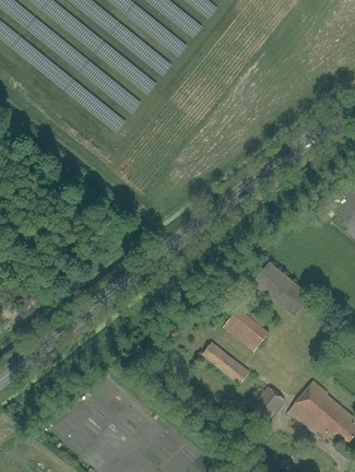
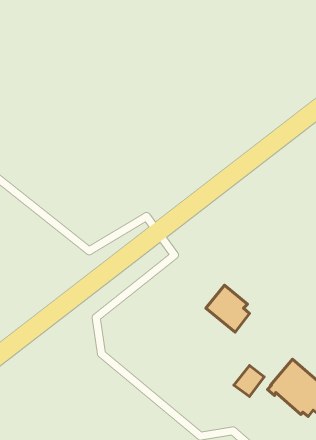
building: [251,262,309,316] -> none
building: [200,342,249,385] -> none

